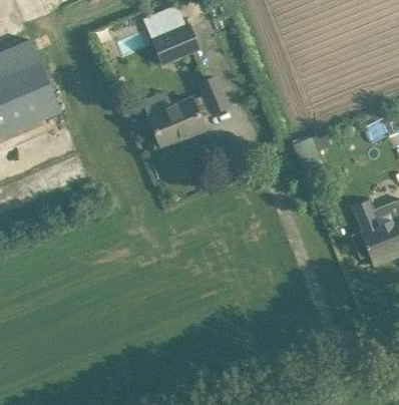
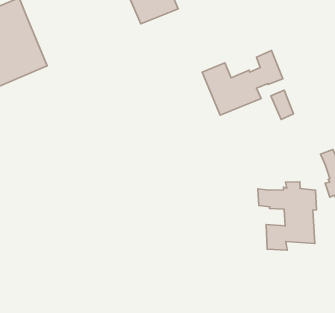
building: [142,77,229,146] -> [202,51,283,115]
building: none -> [258,182,317,250]

